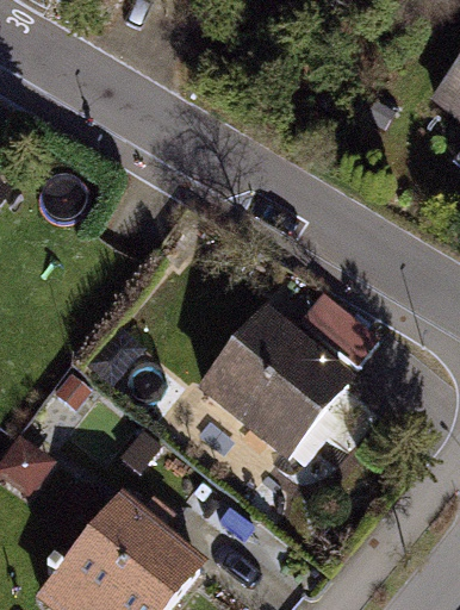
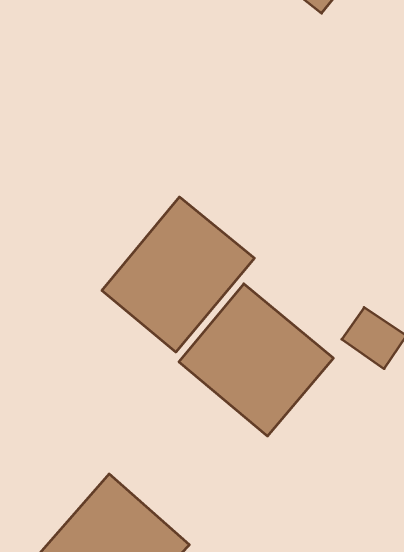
building: none -> [102,197,254,352]

